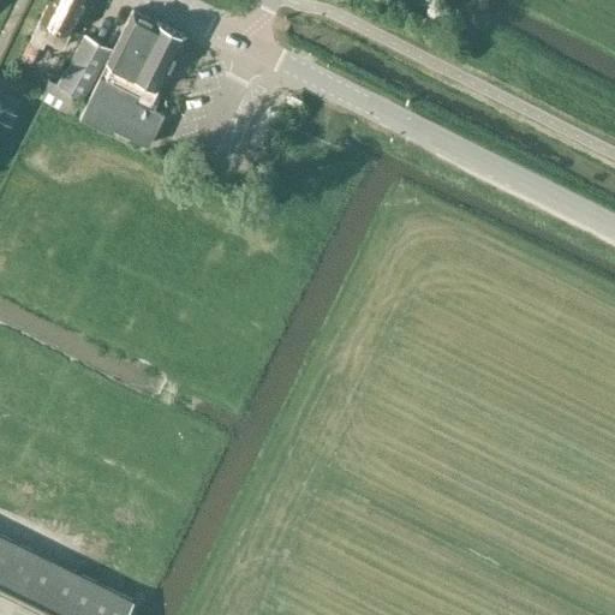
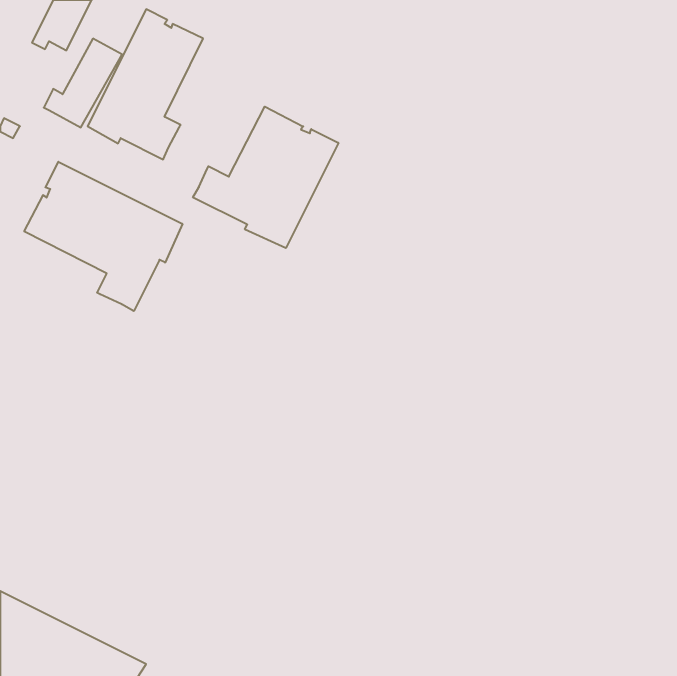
building: none -> [193,107,338,248]
building: none -> [24,162,182,311]

